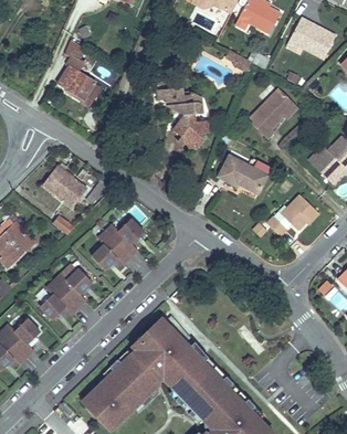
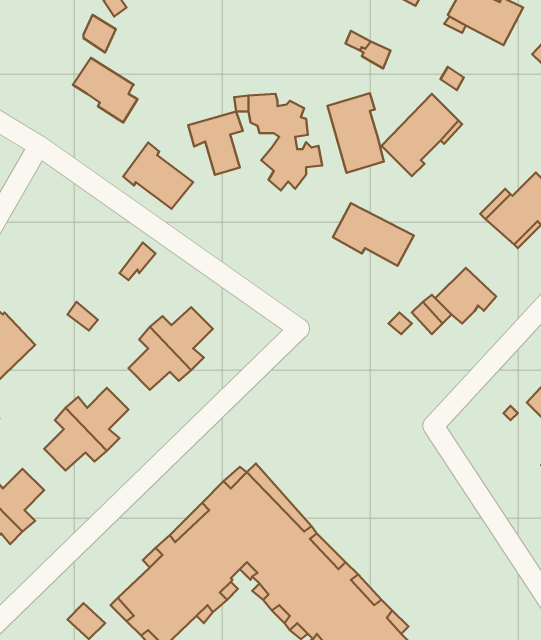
building: none -> [327,93,384,173]
building: none -> [188,112,243,175]
building: [43,165,86,205] -> [123,143,193,209]

